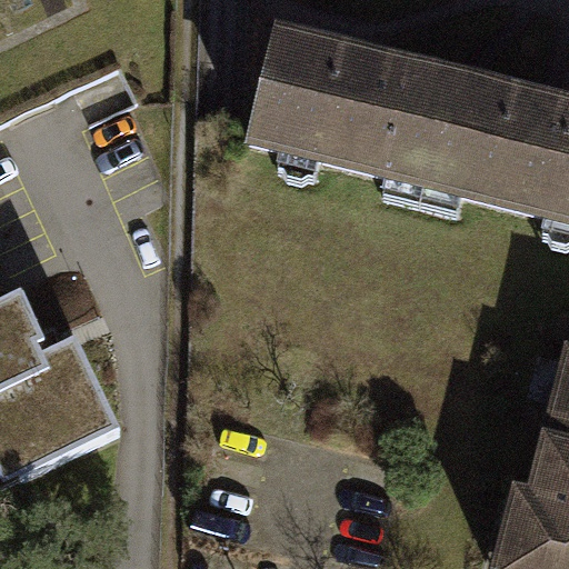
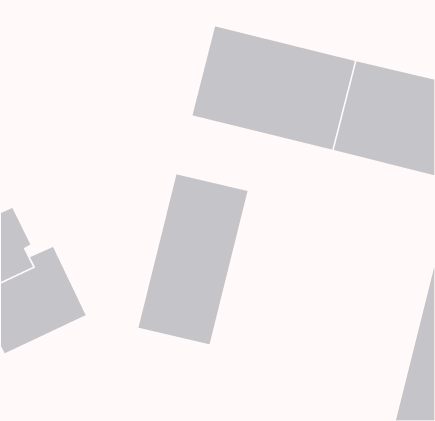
building: none -> [138,173,248,345]

